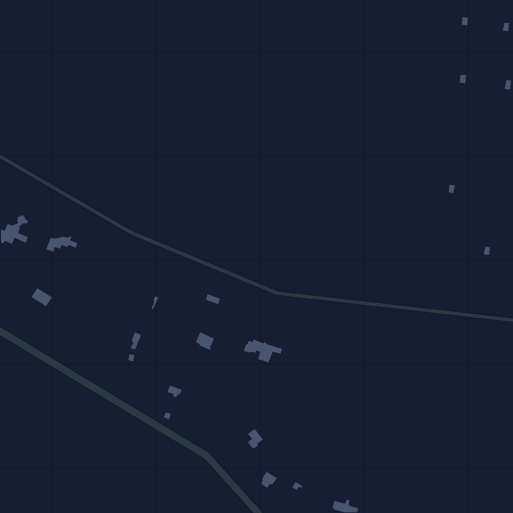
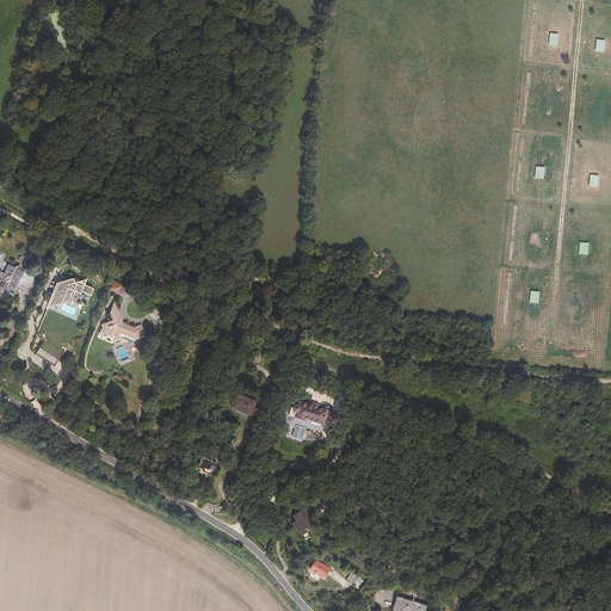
building: none -> [101,303,144,339]

